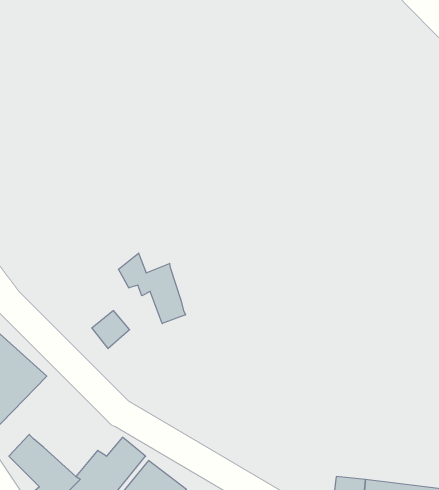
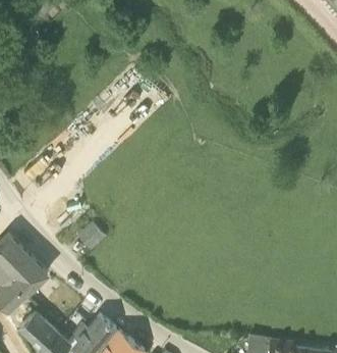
building: [118,253,185,324] -> none

